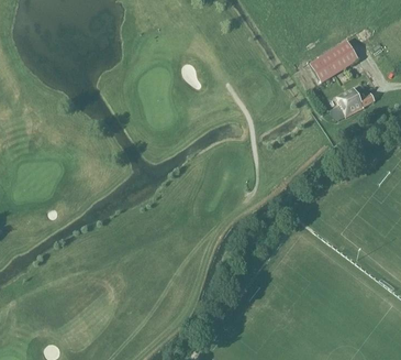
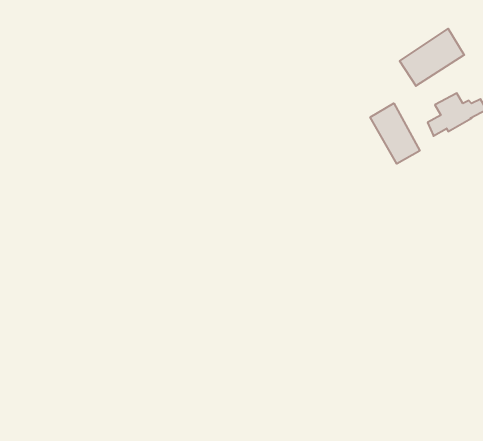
building: none -> [370,103,420,164]

